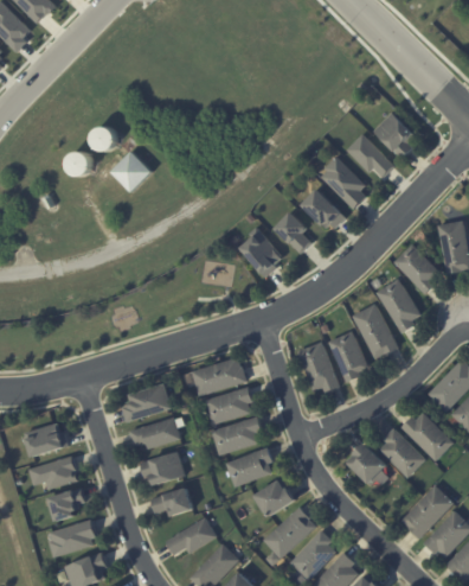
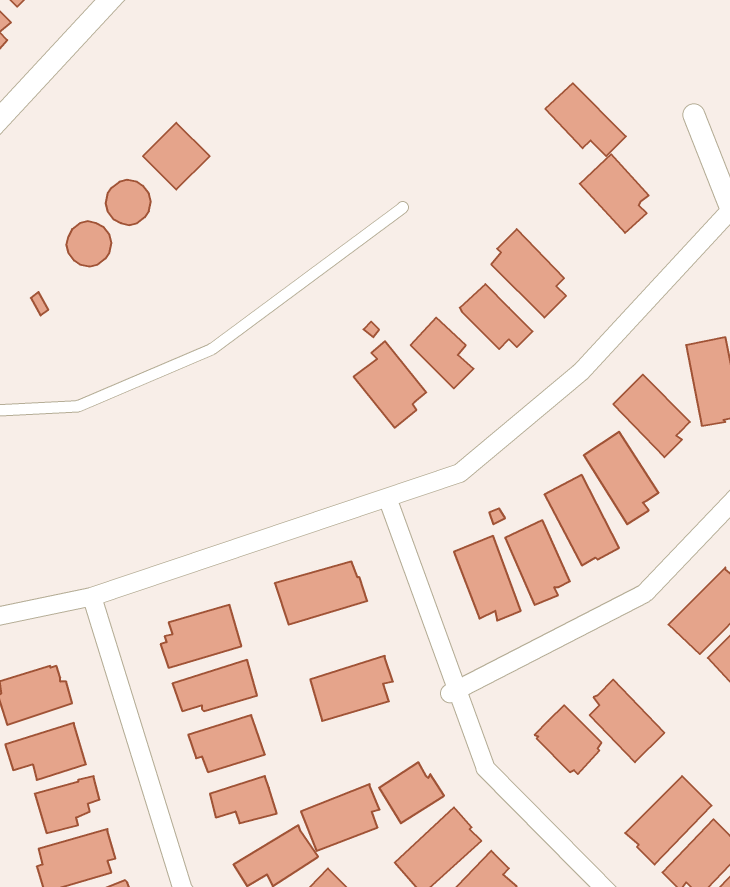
building: [346,135,394,179] -> [545,83,626,156]
building: [113,152,153,192] -> [143,123,210,190]
building: [206,384,253,422] -> none
building: [400,414,454,463] -> none
building: [226,445,274,485] -> [301,784,380,851]

